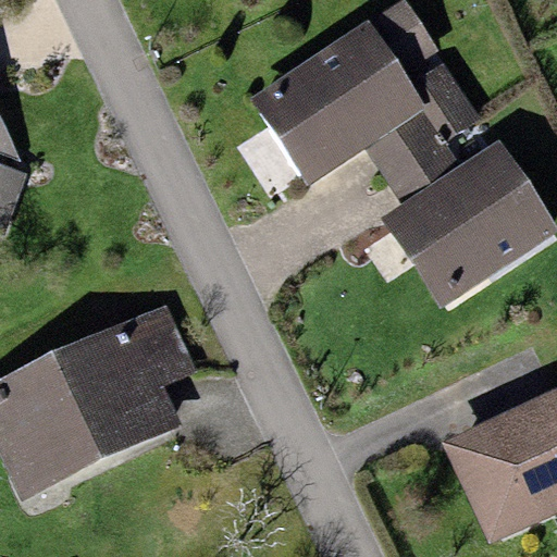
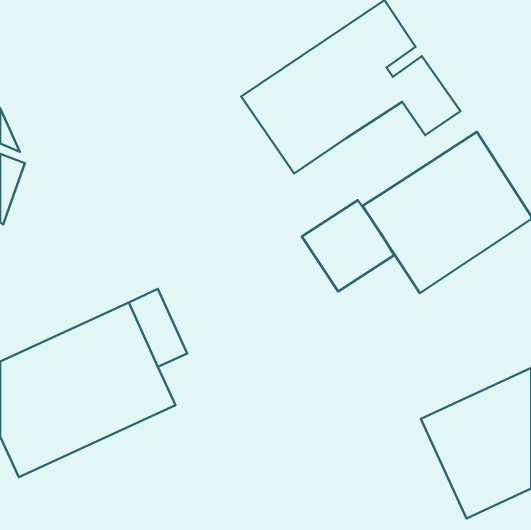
building: [362,107,459,202] -> [302,200,394,292]

